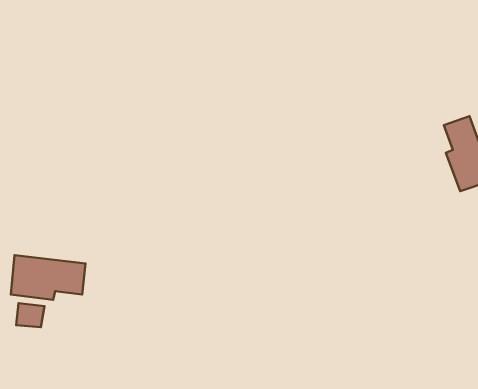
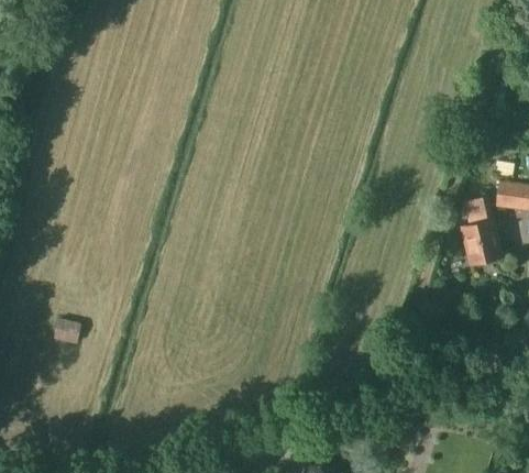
building: [11,255,86,300] -> none

